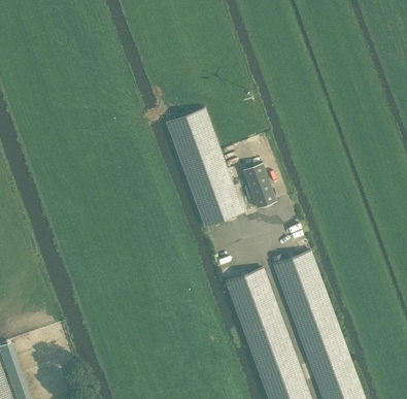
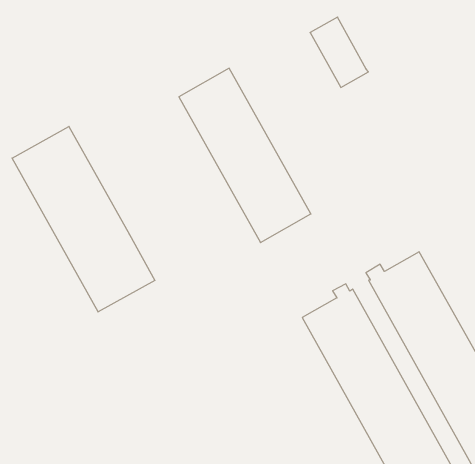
building: none -> [12,126,155,312]
building: [243,162,277,208] -> [310,17,368,87]

